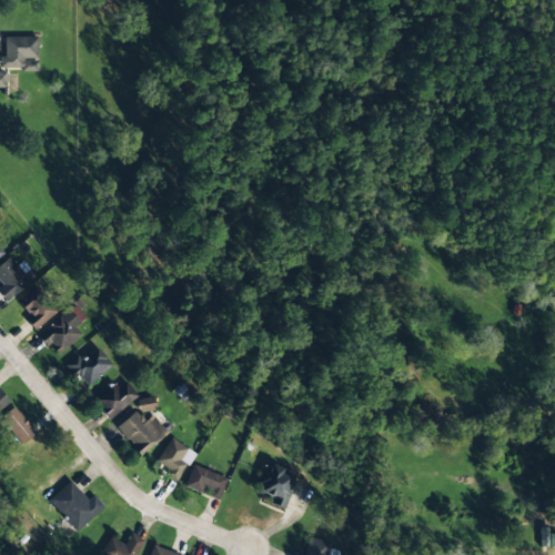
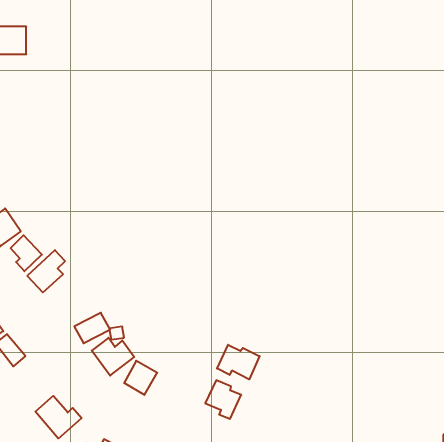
building: [64,346,112,384] -> none
building: none -> [217,345,260,379]
building: [185,466,226,497] -> none

